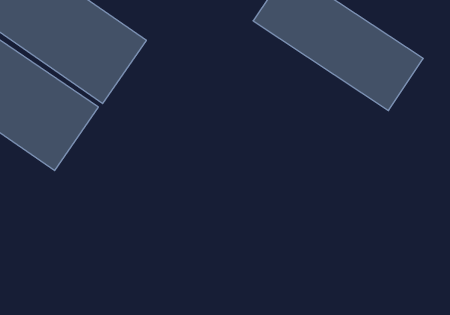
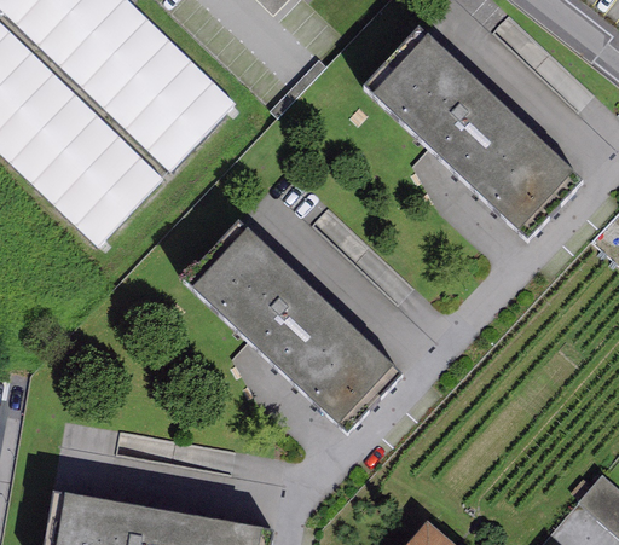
building: none -> [193,232,391,425]

